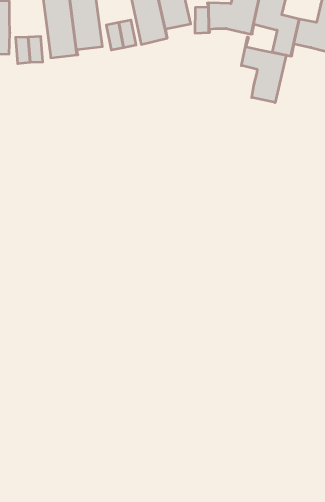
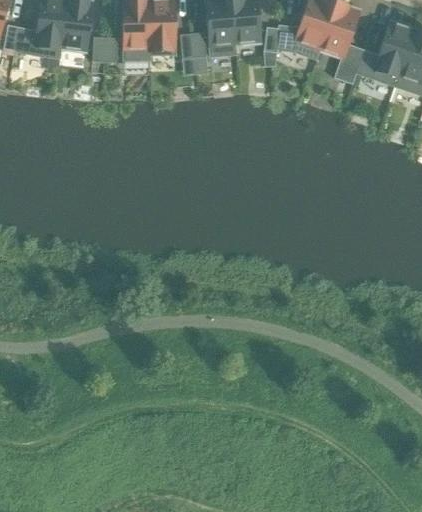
building: [241,37,286,103] -> none

